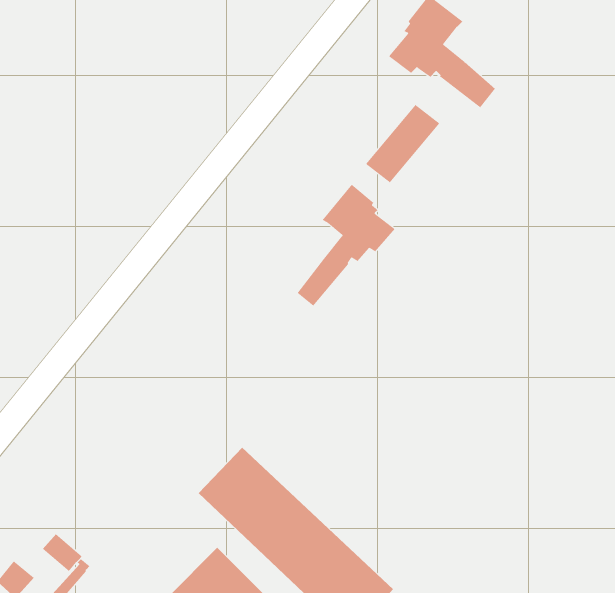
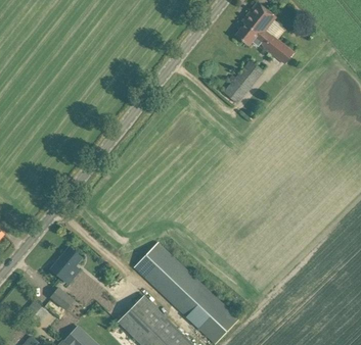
building: [297,184,395,306] -> none
building: none -> [50,248,82,285]

